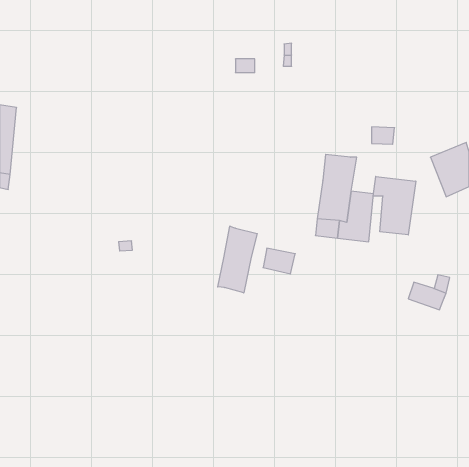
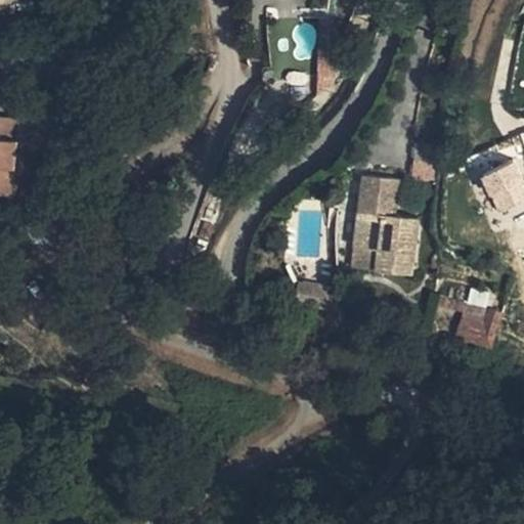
building: [373,176,416,235] -> none
building: [218,226,257,293] -> none

